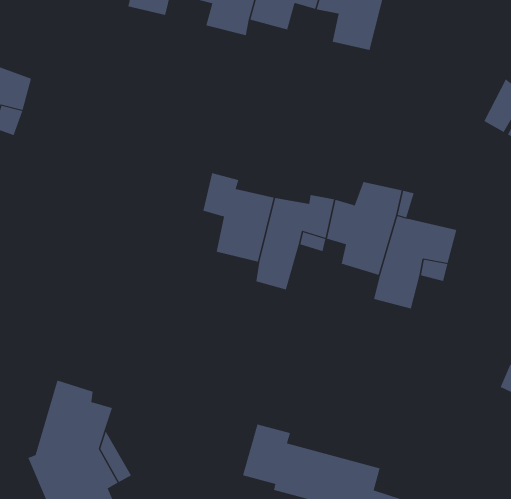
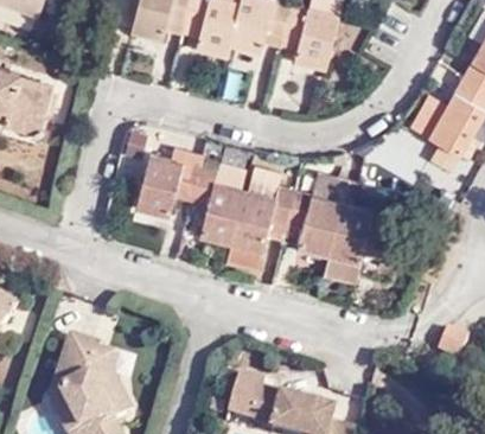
building: none -> [140,155,198,211]

